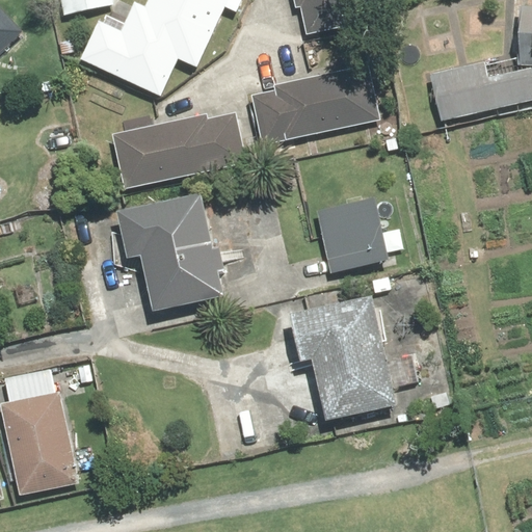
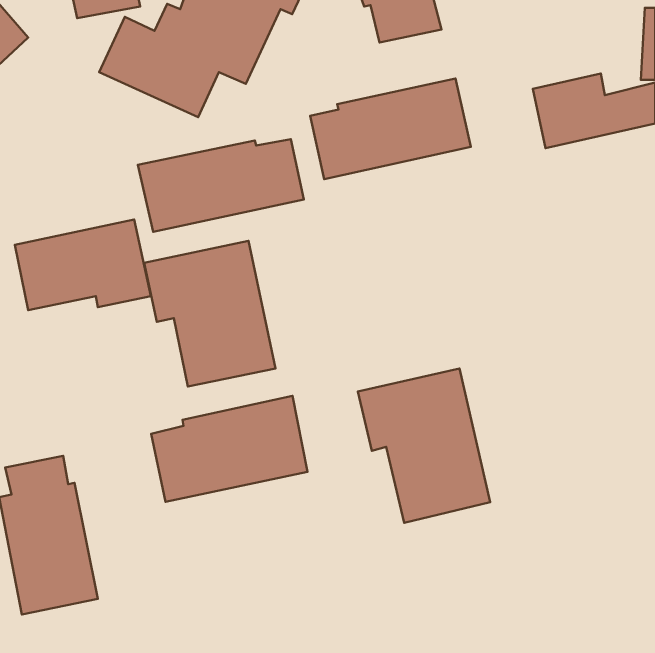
building: none -> [15,219,151,310]
building: [316,196,389,271] -> none
building: none -> [151,396,308,502]

